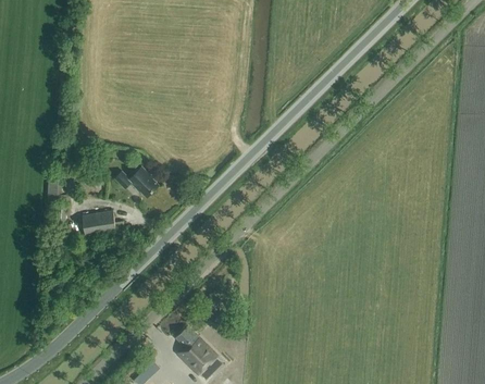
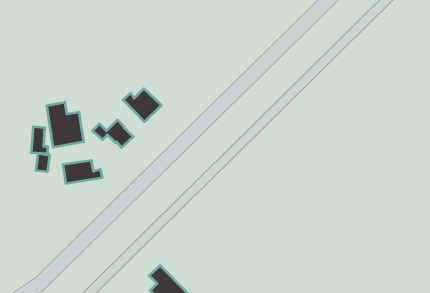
building: none -> [123,89,161,122]
building: none -> [47,102,84,147]

